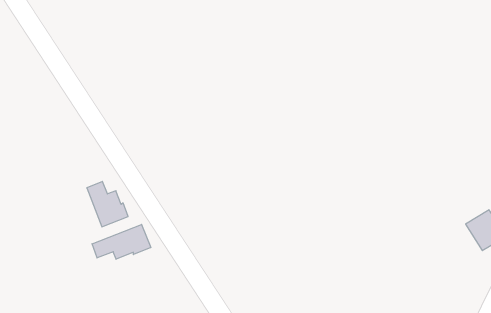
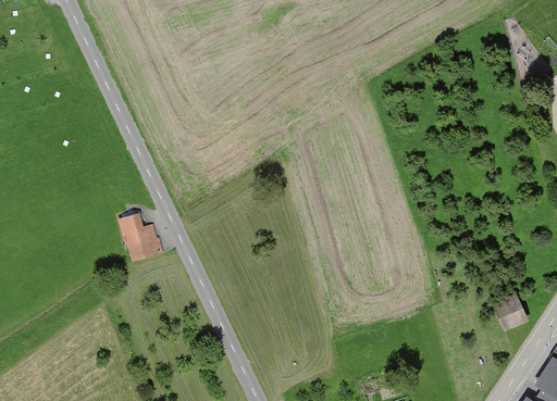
building: [92,224,151,259] -> none

